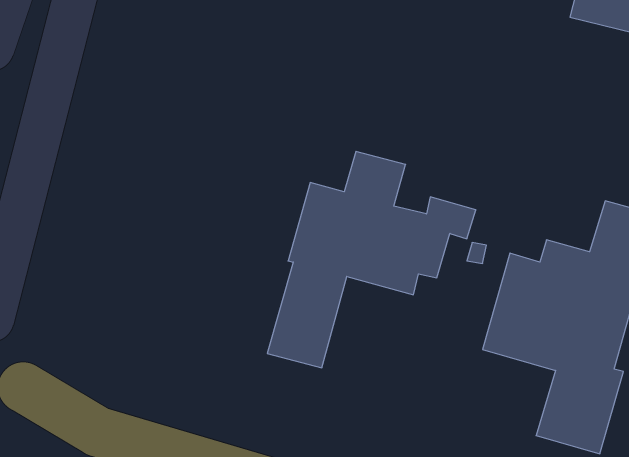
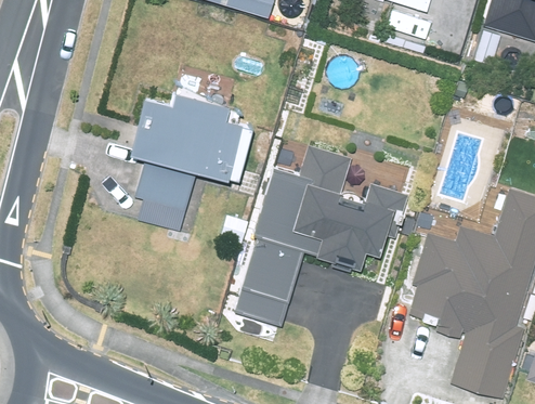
building: none -> [120,89,245,212]

